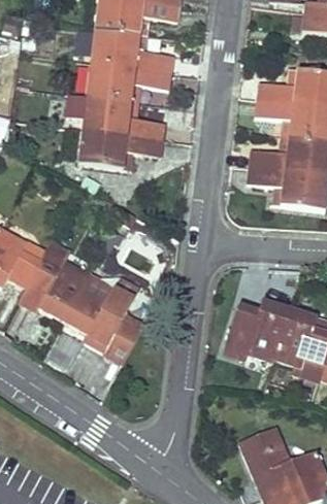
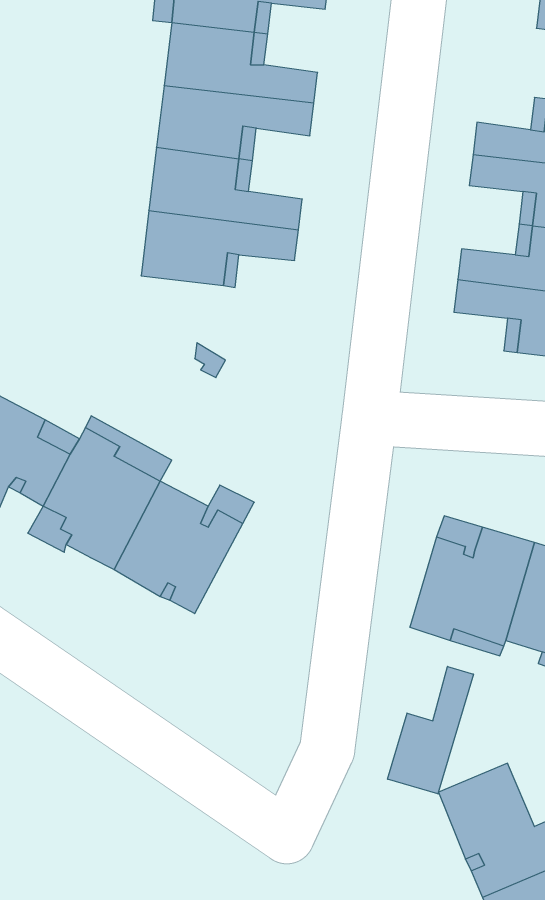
building: [103,312,144,363] -> none
building: none -> [388,666,473,794]

